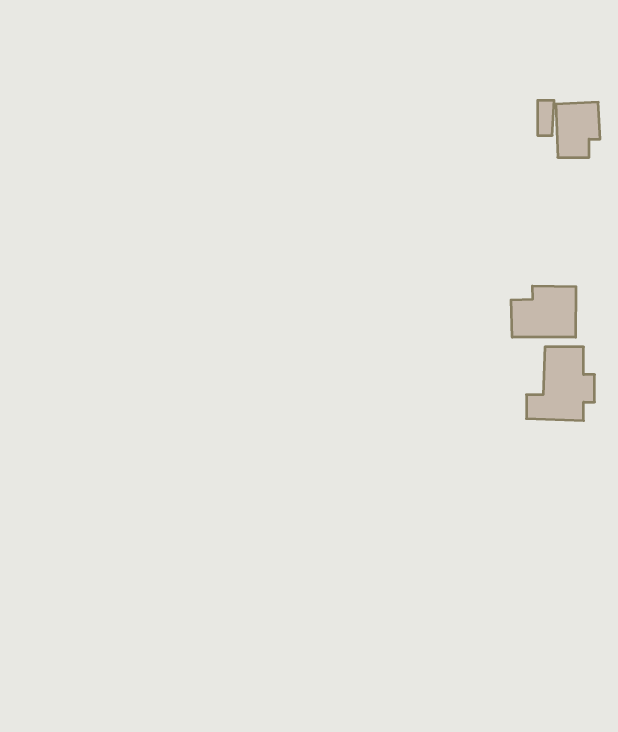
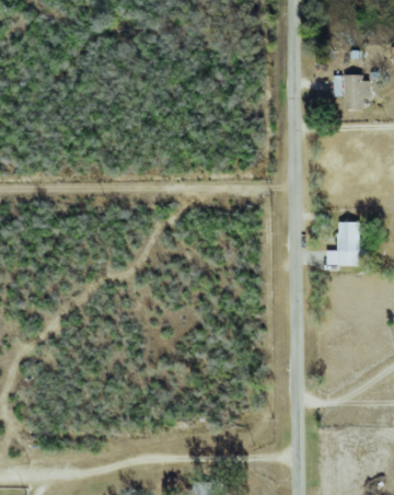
building: [511,286,576,337] -> none

